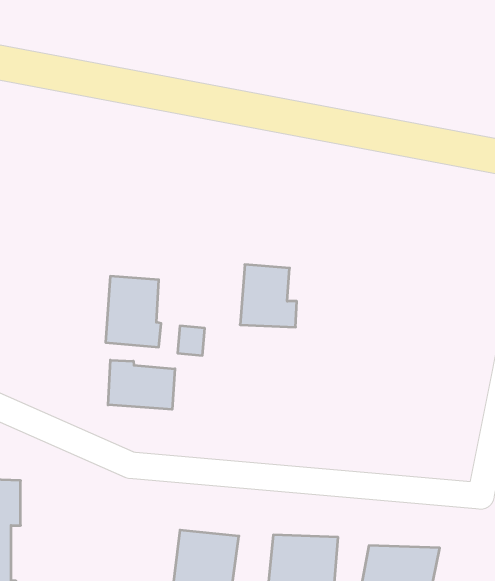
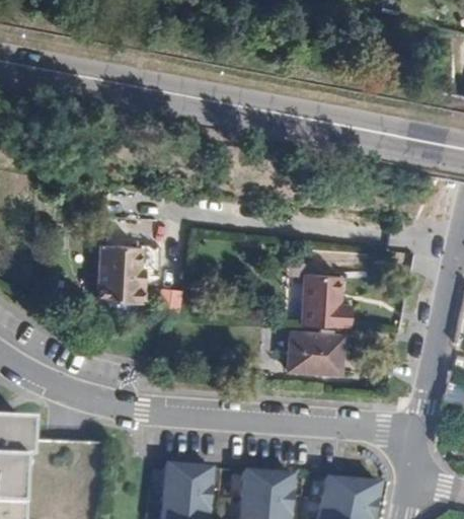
building: [240,265,297,327] -> [300,274,349,327]
building: [108,360,175,409] -> none
building: none -> [292,333,346,373]

